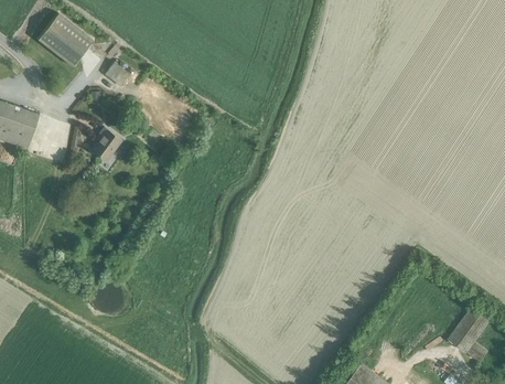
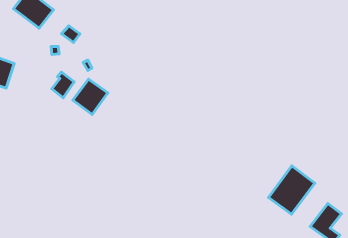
building: none -> [73,79,108,115]
building: none -> [269,166,315,214]

